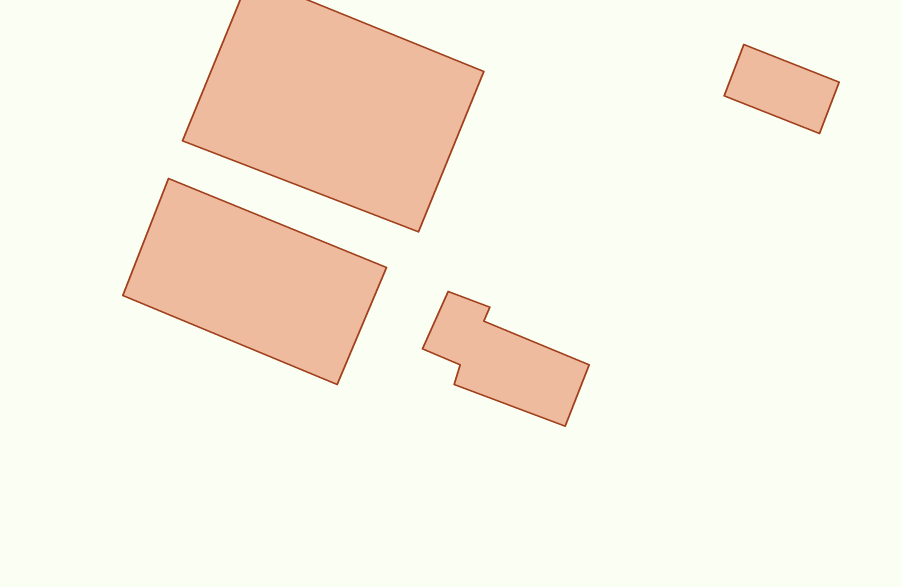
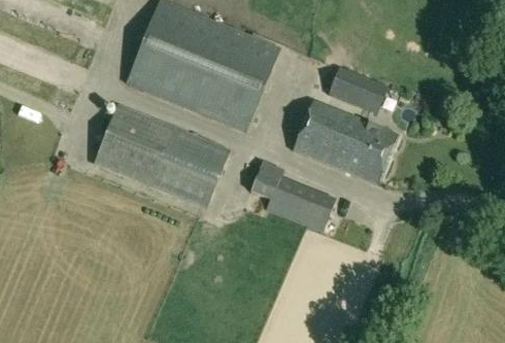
building: [724,44,839,134] -> [328,67,388,113]
building: none -> [293,101,397,184]

